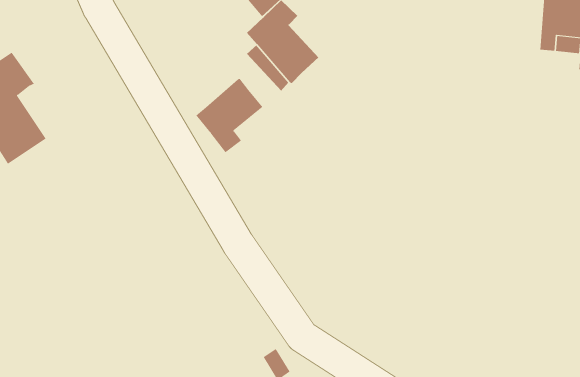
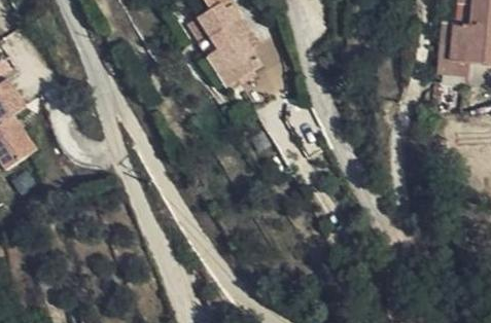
building: [195,78,263,153] -> none

